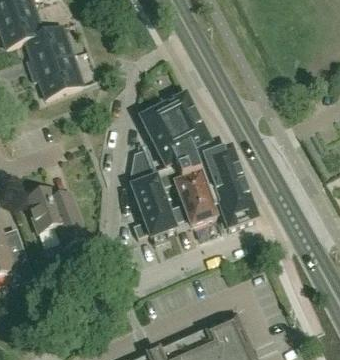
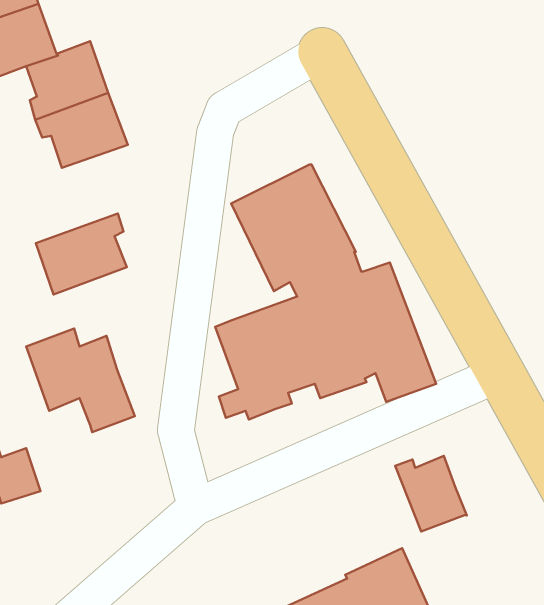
building: none -> [36,214,127,294]
building: [129,148,155,180] -> none
building: none -> [395,456,467,532]

